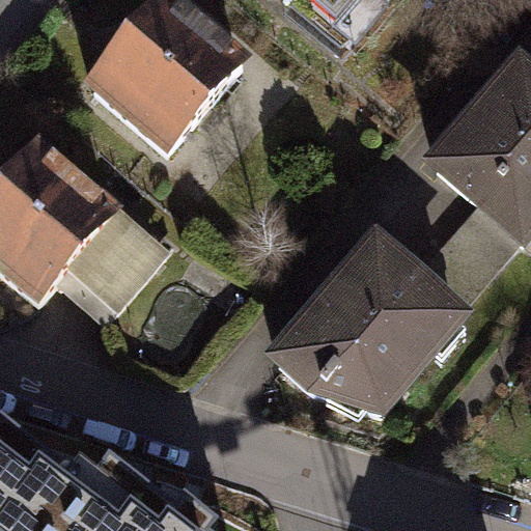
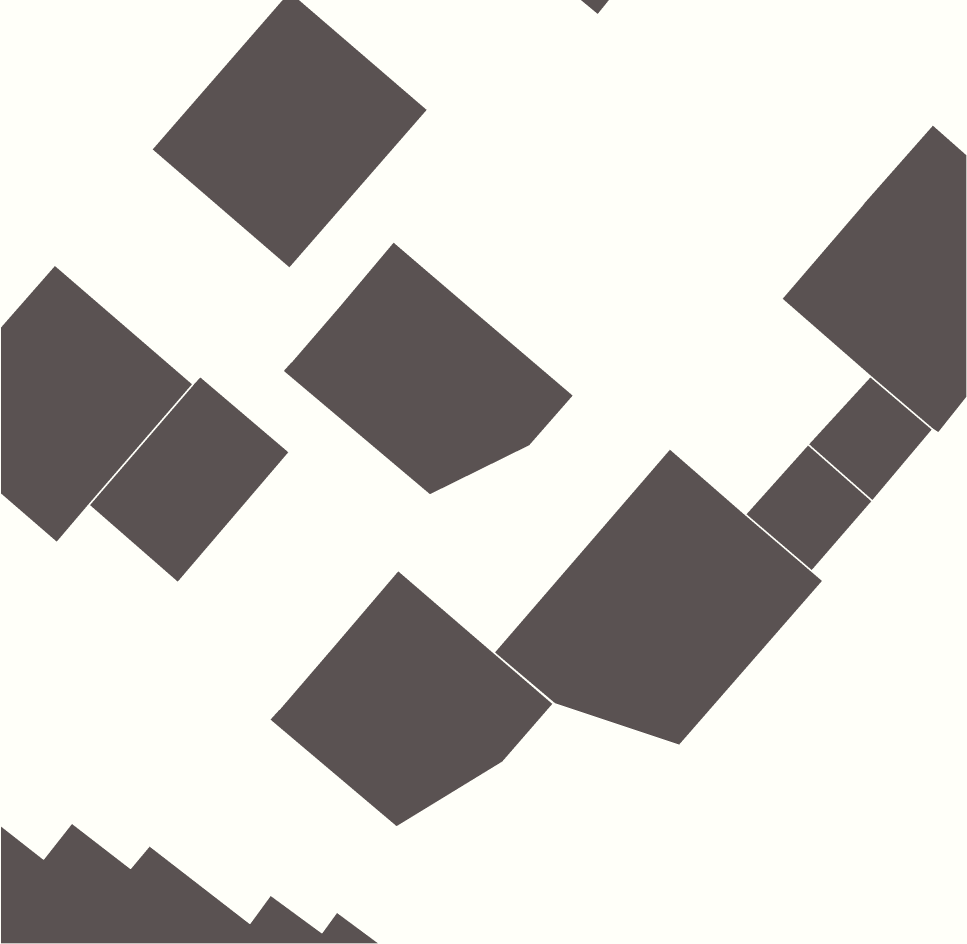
building: none -> [283,241,574,495]
building: none -> [269,570,554,827]

